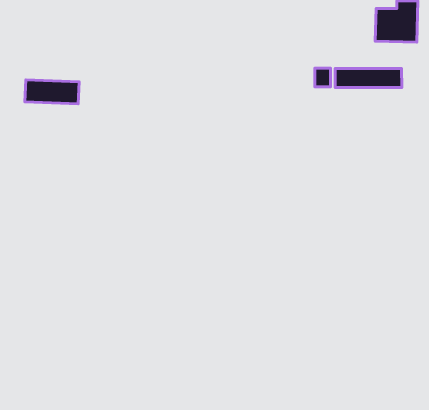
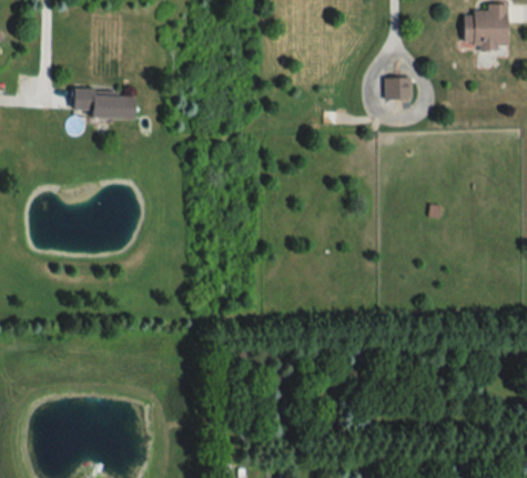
building: [335,69,402,87] -> none

